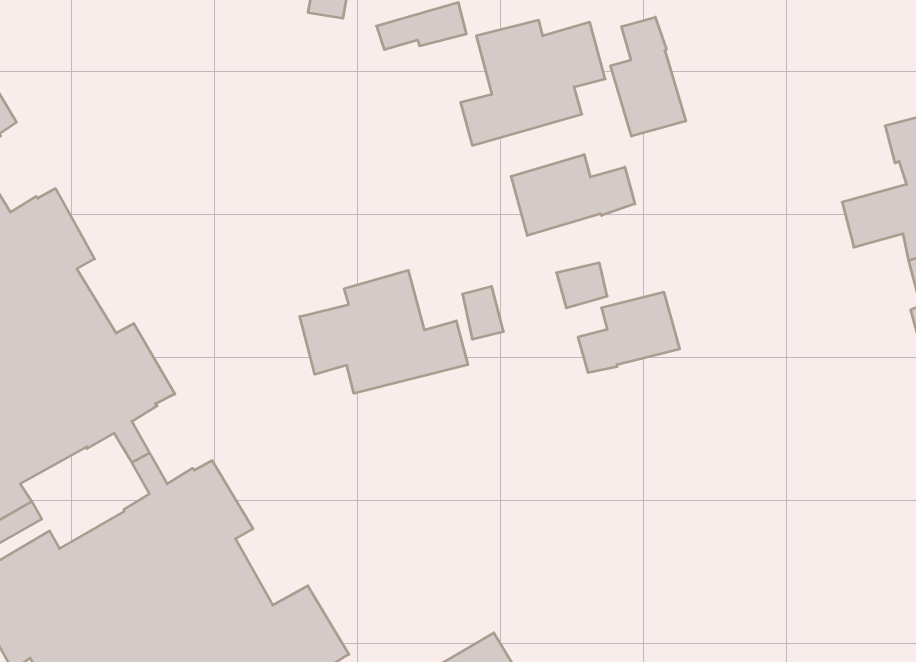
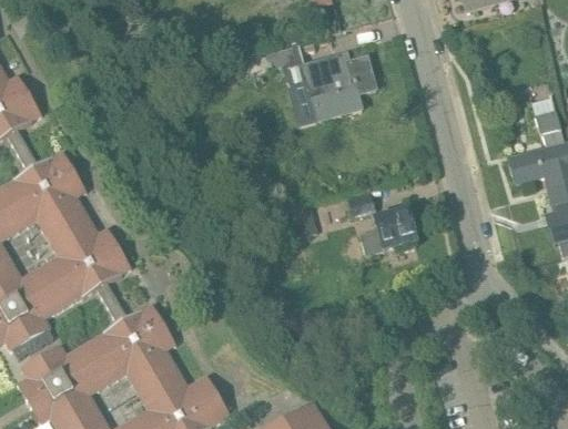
building: [611,17,686,136] -> none
building: [511,154,635,236] -> none
building: [300,270,468,393] -> none

